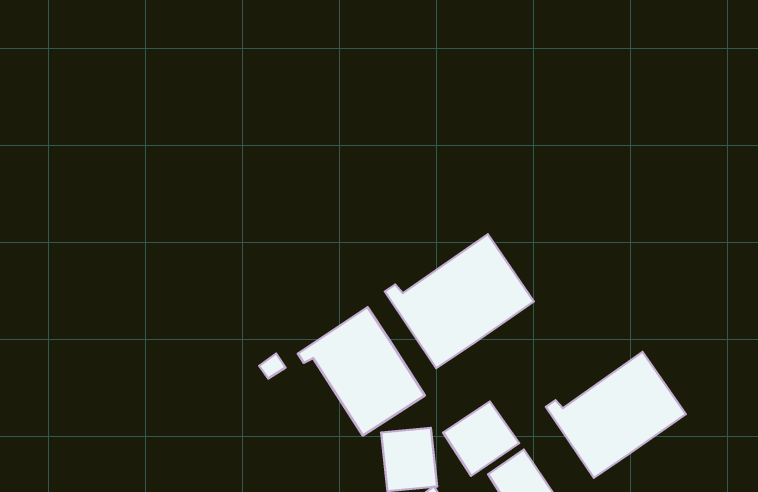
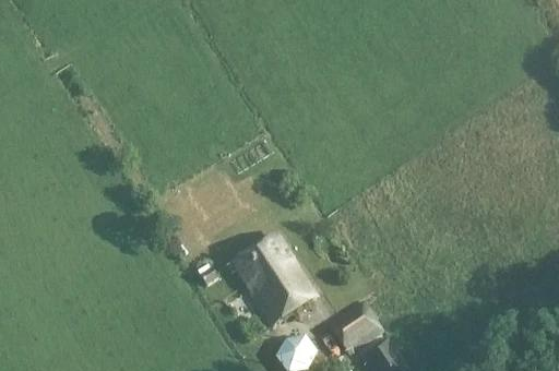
building: [385,234,534,368] -> none
building: [546,352,686,478] -> none

